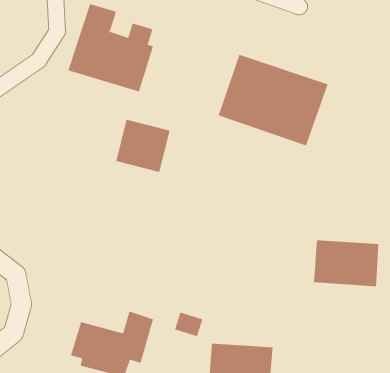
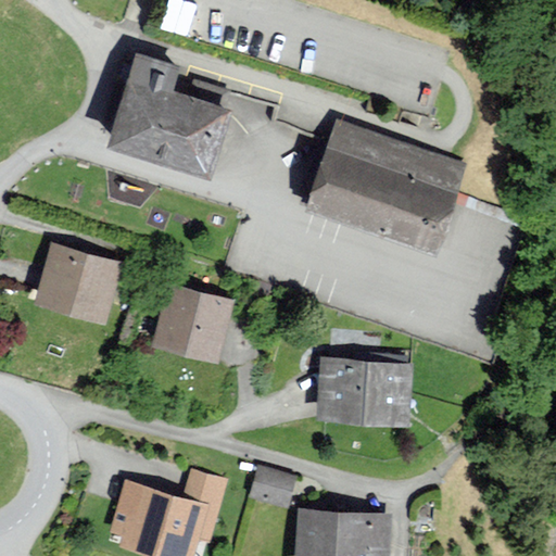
building: [115,119,170,173] -> [154,286,228,357]
building: none -> [39,247,116,318]
building: [313,240,379,287] -> [319,359,408,422]

